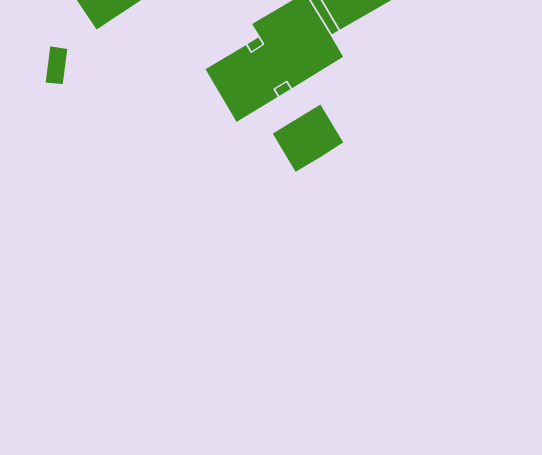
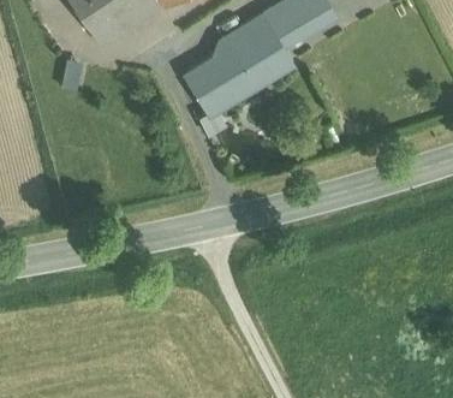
building: [272,104,344,173] -> none

